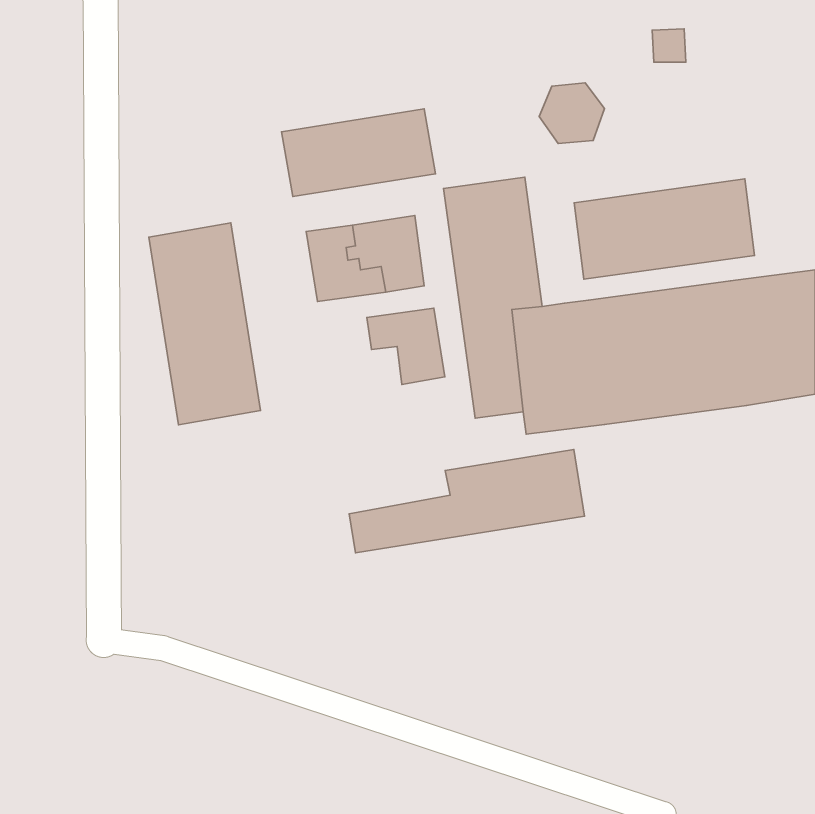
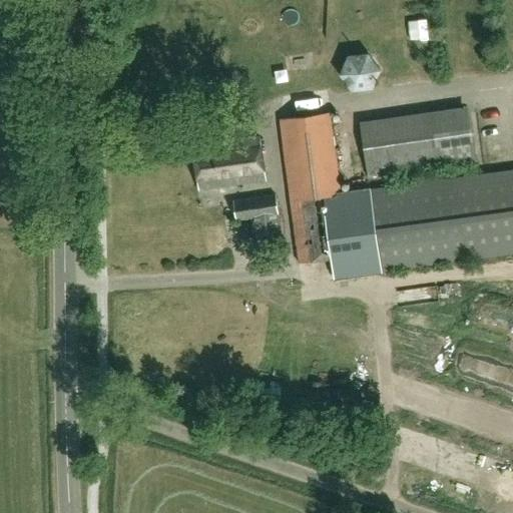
building: [281,109,435,196] -> none
building: [149,223,261,425] -> none
building: [349,449,585,553] -> none

